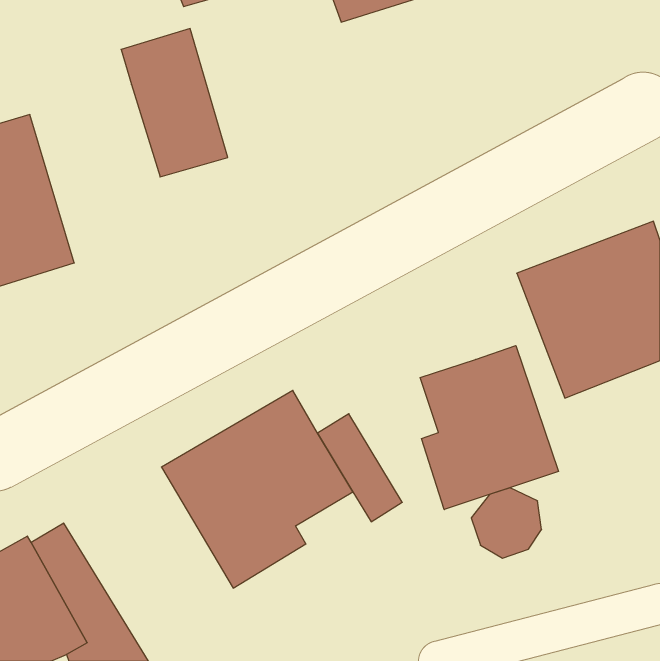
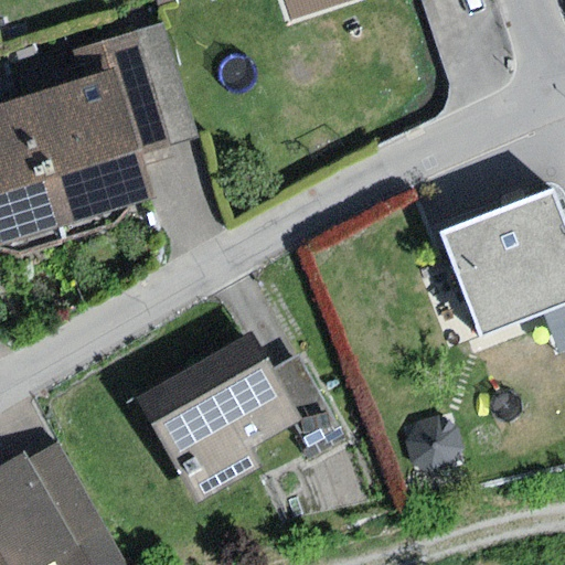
building: none -> [25,72,150,223]
building: [420,346,559,510] -> none

